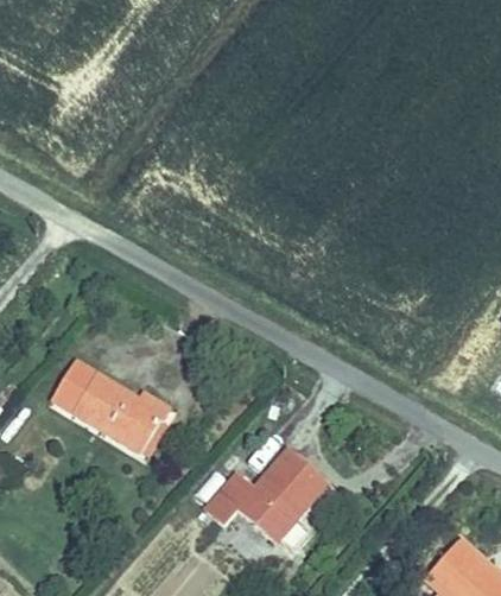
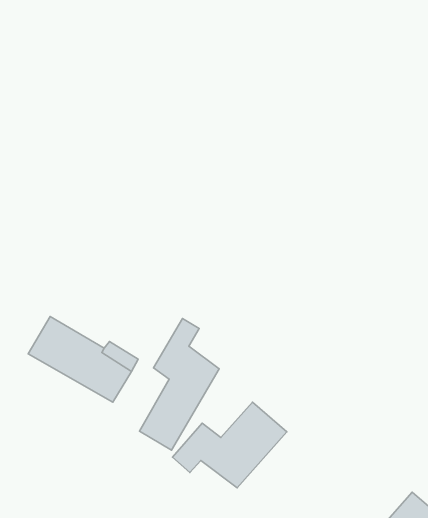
building: none -> [139,319,219,450]

